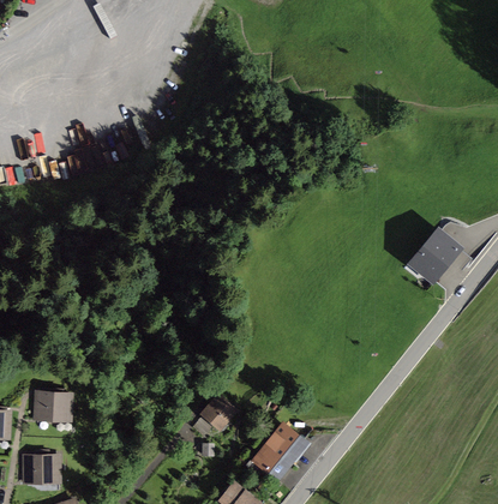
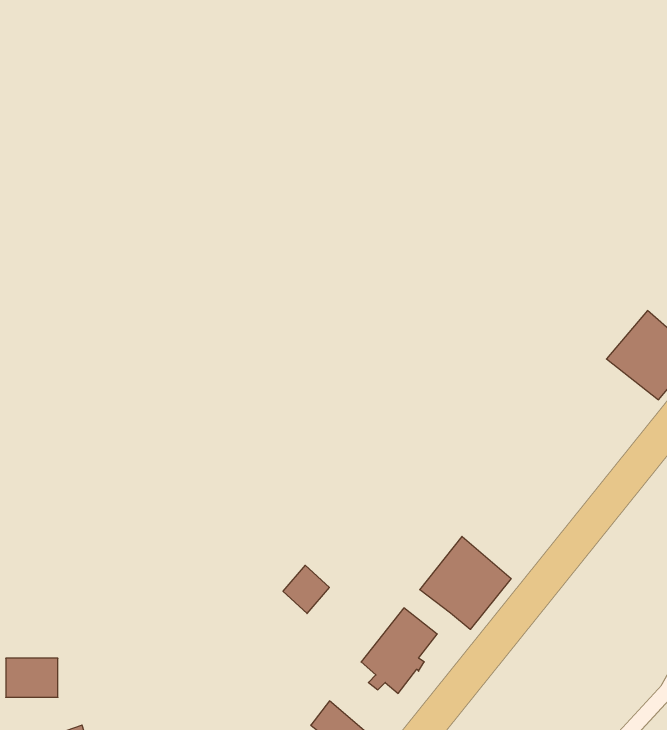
building: none -> [420,536,511,629]
building: [34,391,70,419] -> none

